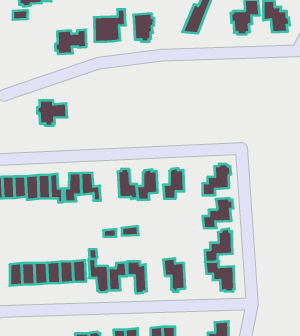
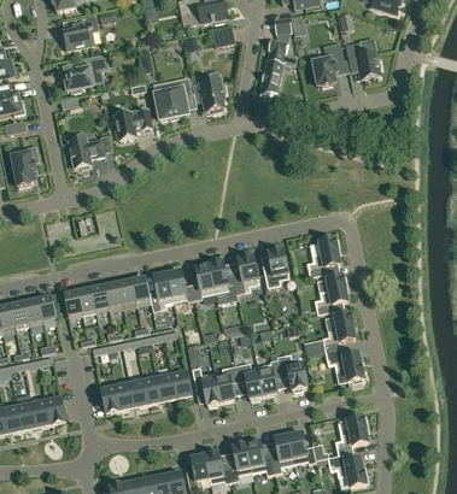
building: [37,100,67,126] -> [68,137,104,167]
building: none -> [191,263,215,300]
building: none -> [257,352,281,395]

